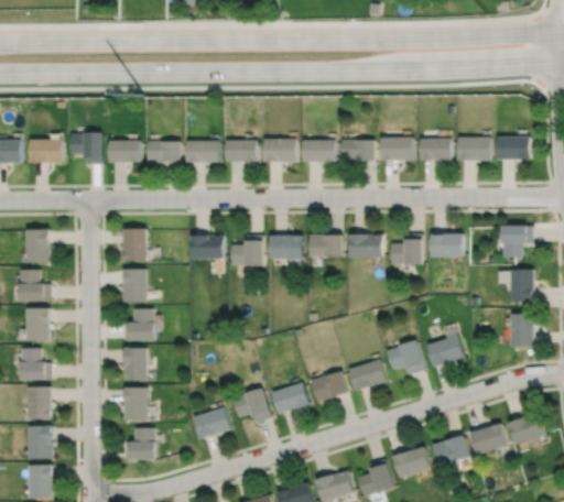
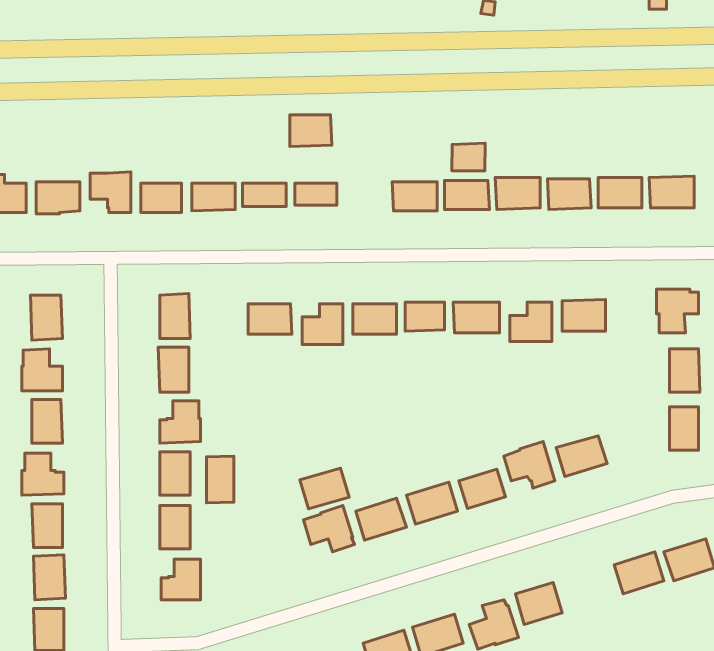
building: none -> [452,143,485,171]
building: [264,141,296,165] -> [290,115,332,147]
building: none -> [207,456,234,503]
building: [194,407,231,438] -> [300,468,349,509]
building: [429,435,467,467] -> none

